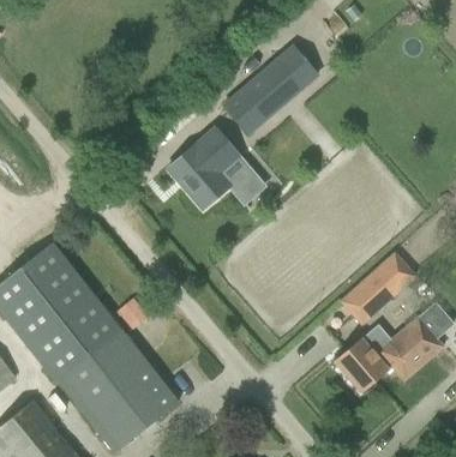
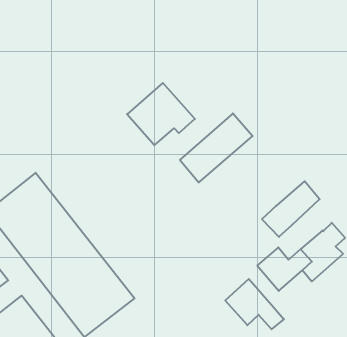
building: [224,46,317,133] -> [180,113,253,182]
building: none -> [225,279,284,329]

